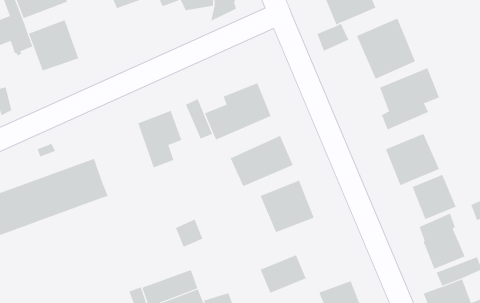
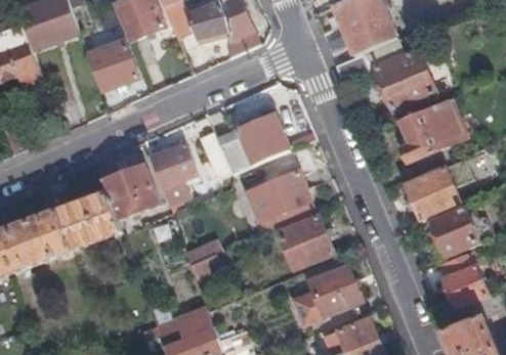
building: [28,20,79,71] -> [86,37,138,90]
building: none -> [95,156,160,219]
building: none -> [309,264,363,316]

